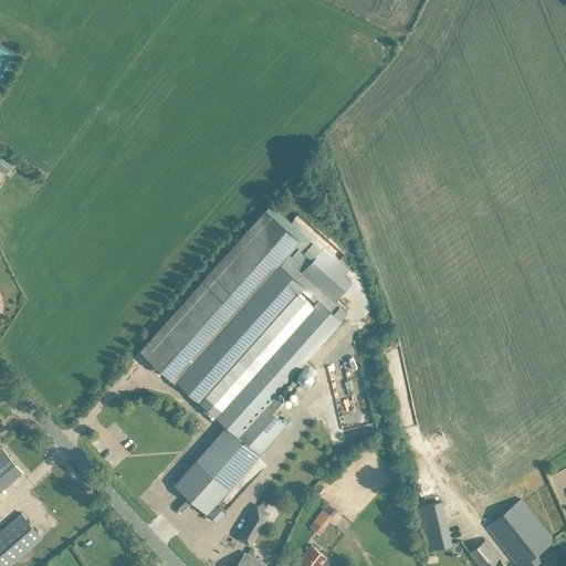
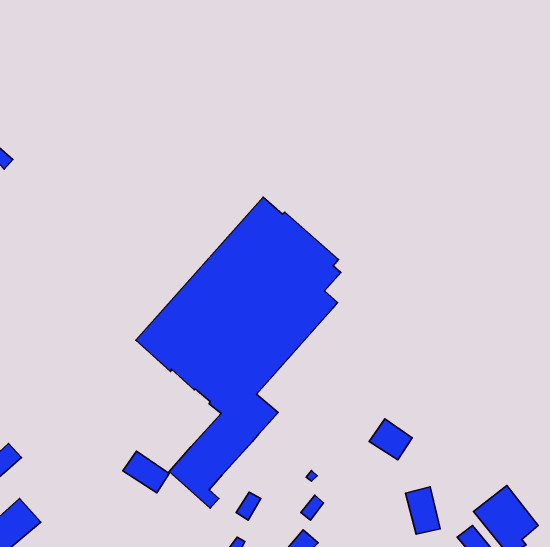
building: none -> [369,419,412,460]
building: none -> [123,451,169,493]

